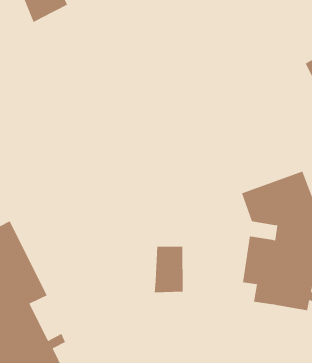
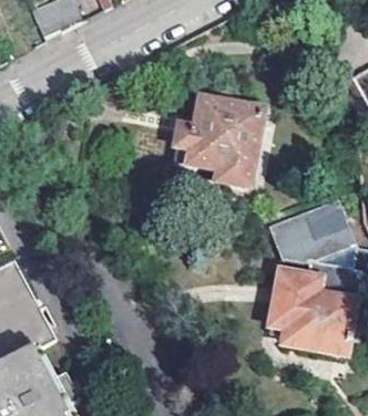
building: none -> [172,97,260,184]
building: [154,246,183,293] -> none

